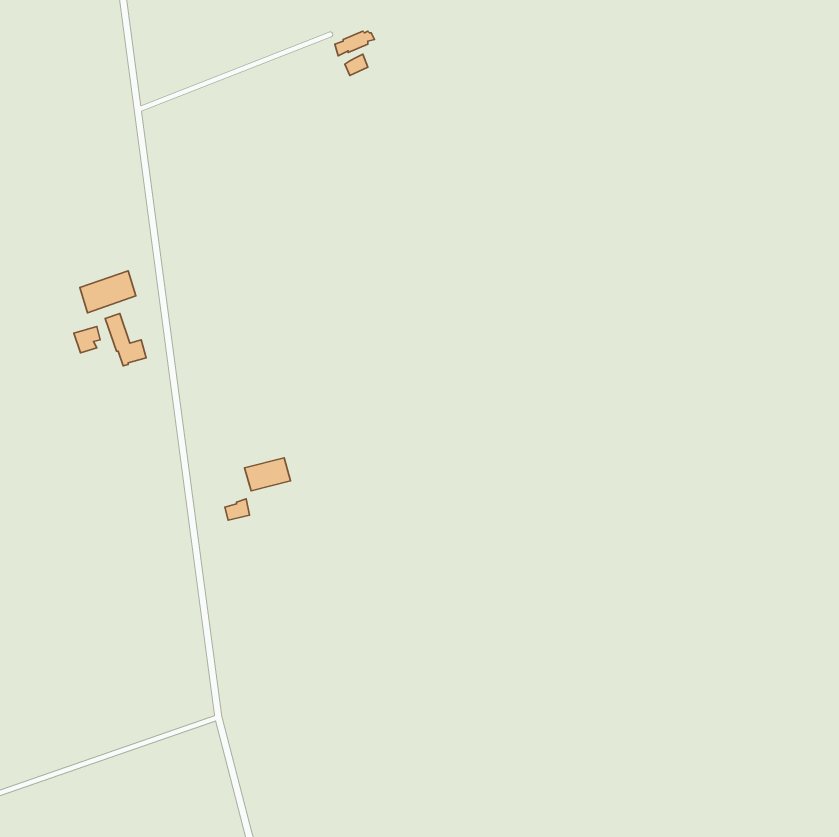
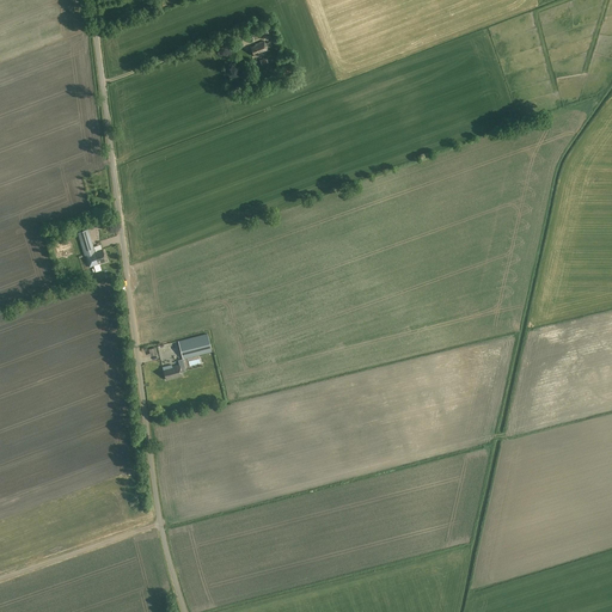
building: [80,271,136,313] -> none

